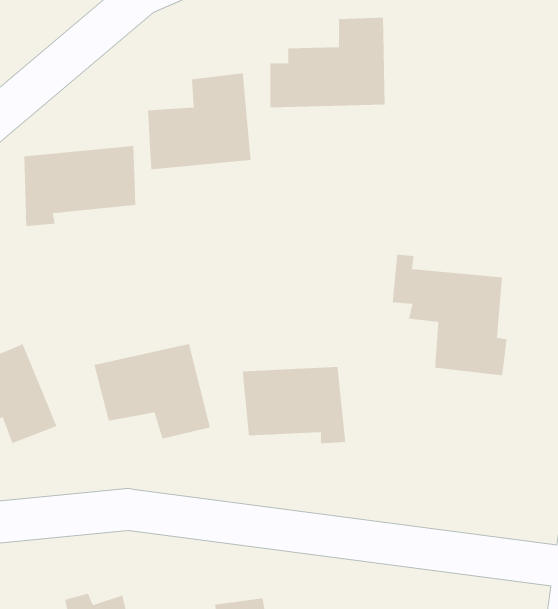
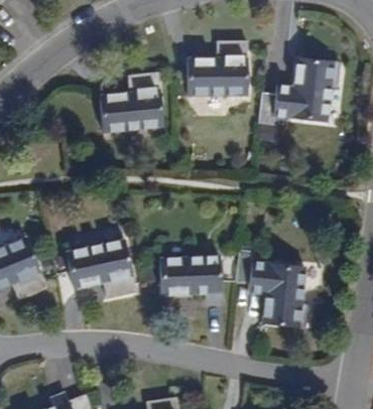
building: none -> [260,53,341,120]
building: [23,145,136,227] -> none
building: [392,254,508,376] -> [238,254,309,329]

